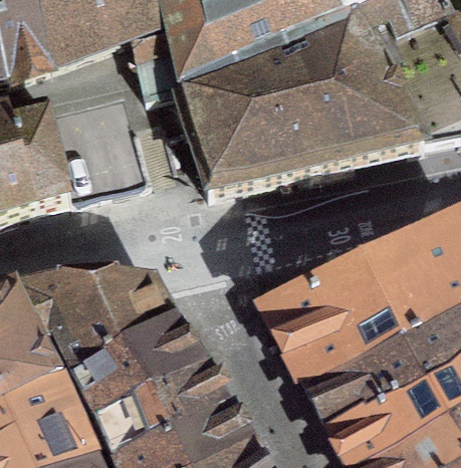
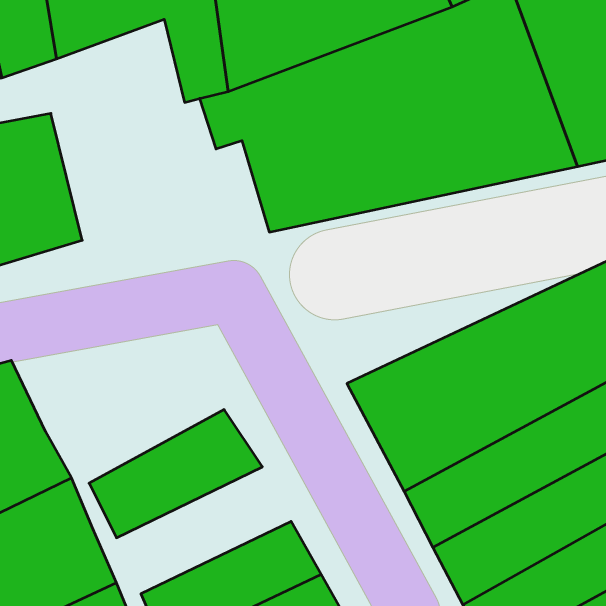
building: [18,280,175,375] -> none
building: [95,363,224,456] -> none

